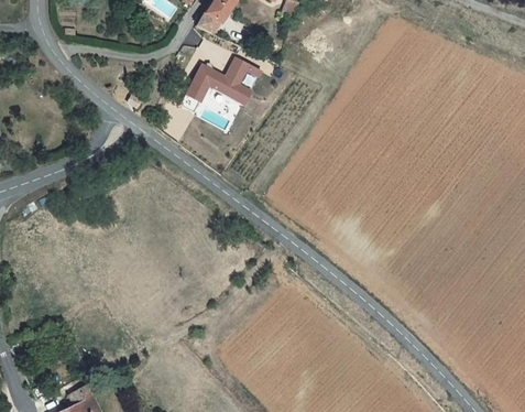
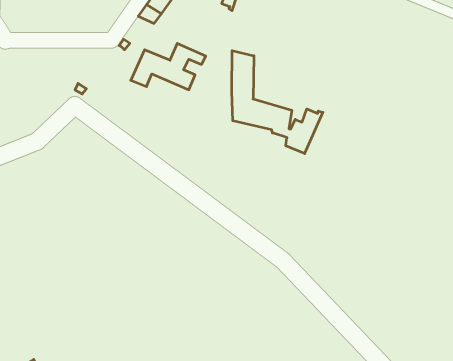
building: none -> [232,51,323,154]

